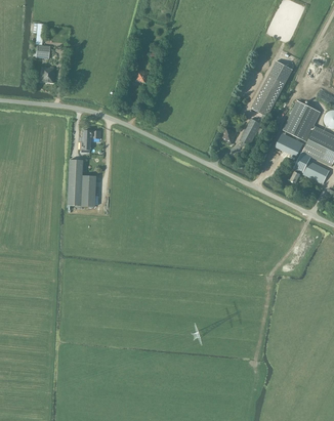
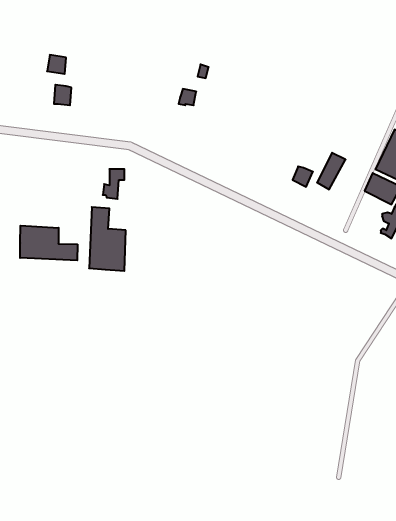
building: [251,59,293,121] -> none
building: none -> [20,226,77,260]

